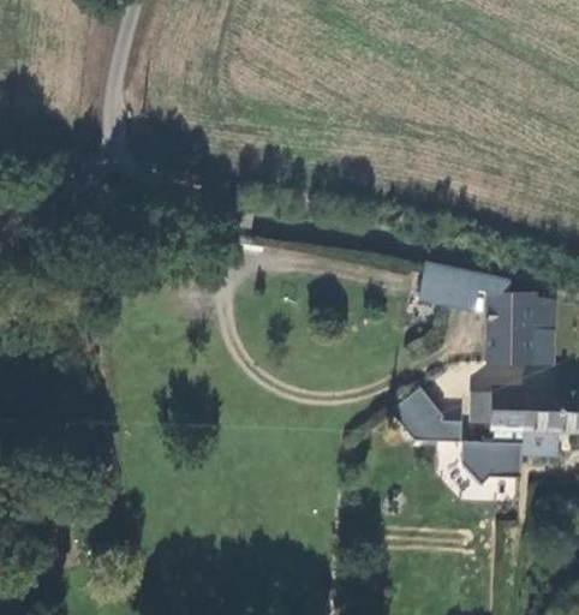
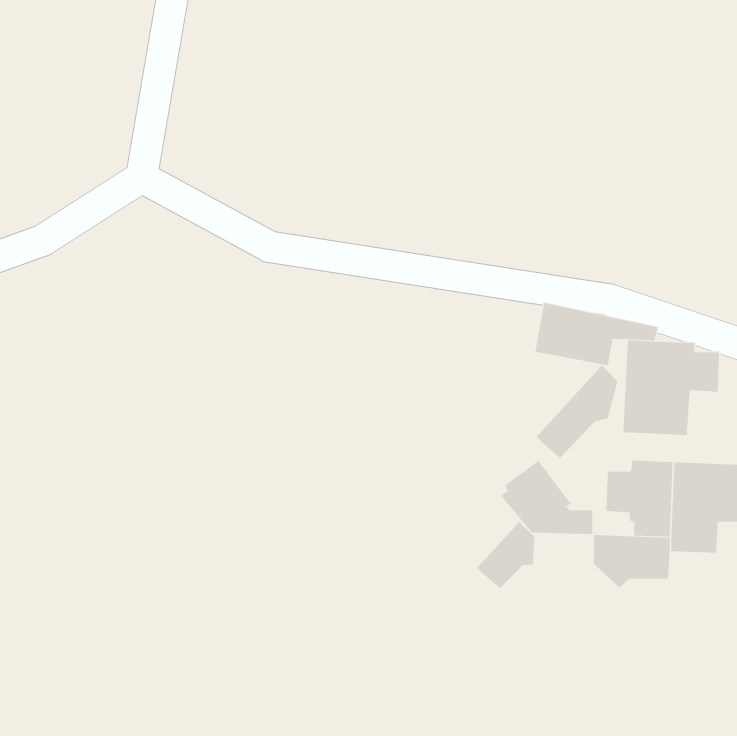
building: none -> [536,365,618,459]
building: none -> [476,521,535,589]

